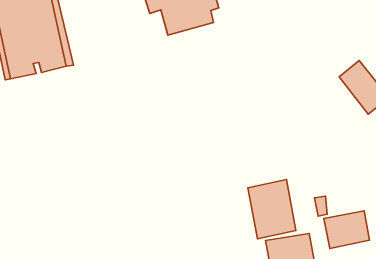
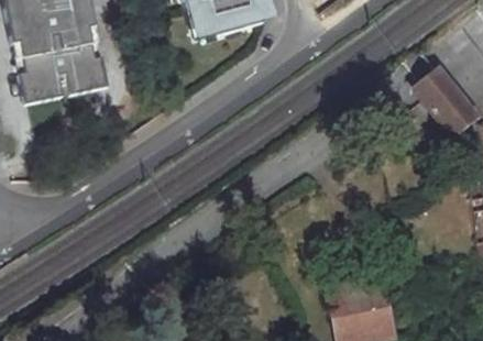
building: [248,180,296,239] -> none
building: [324,211,370,249] -> none

